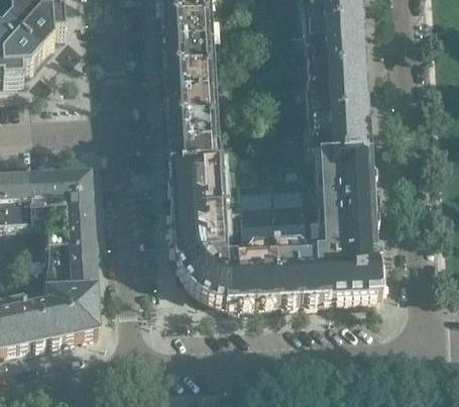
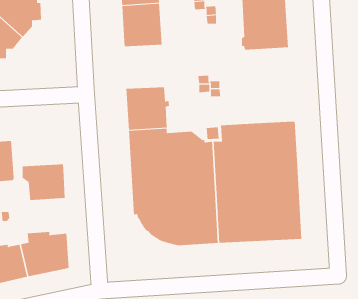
building: [166,59,216,111] -> none
building: [309,62,370,154] -> none
building: [31,171,94,219] -> none
building: [48,243,98,288] -> none

